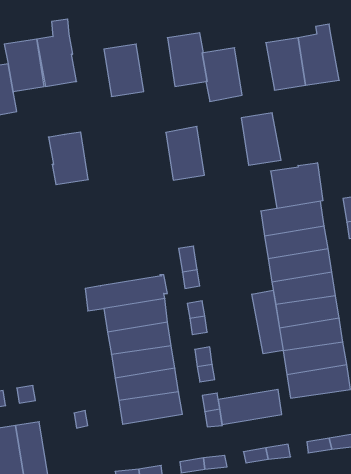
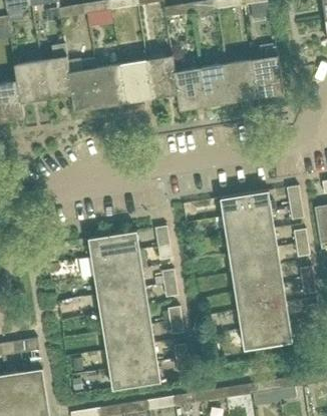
building: [241,113,281,165] -> [200,63,232,105]
building: [166,126,204,180] -> [120,59,151,102]
building: [48,132,88,185] -> [68,68,100,110]
building: [271,163,323,208] -> none
building: none -> [88,231,140,259]
building: [252,290,283,354] -> none
building: [218,389,282,424] -> [109,362,160,390]

